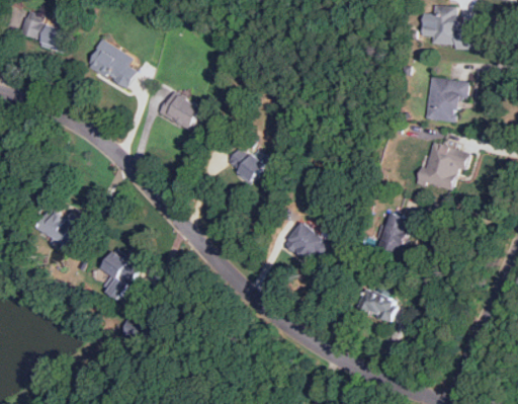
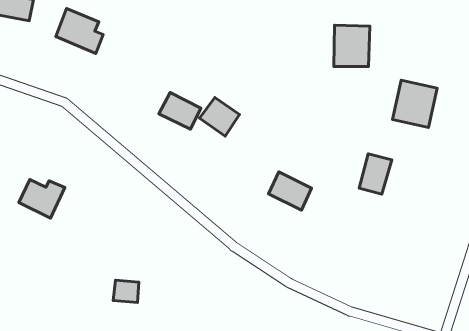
building: [425,76,464,120] -> [334,25,370,67]
building: [158,90,200,129] -> [159,93,201,129]
building: [99,250,140,300] -> none
building: [357,287,397,320] -> none

